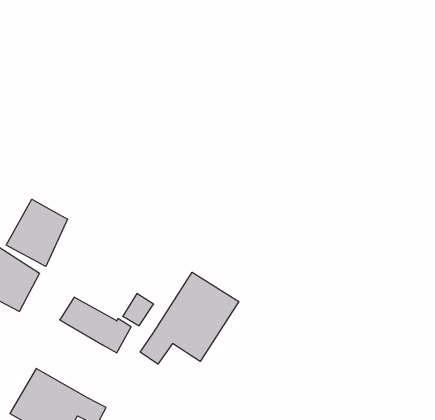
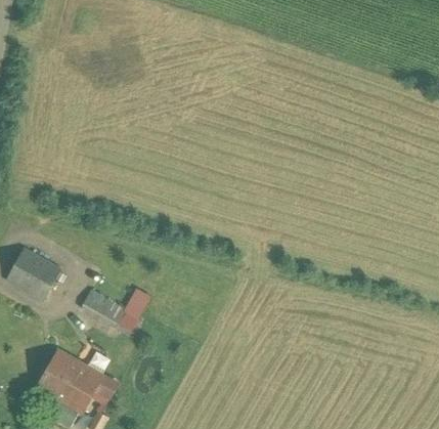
building: [6,199,68,266] -> none
building: [140,272,239,364] -> none

